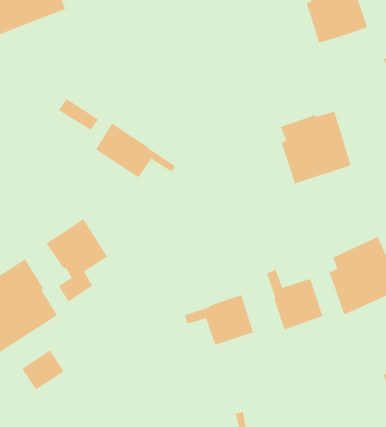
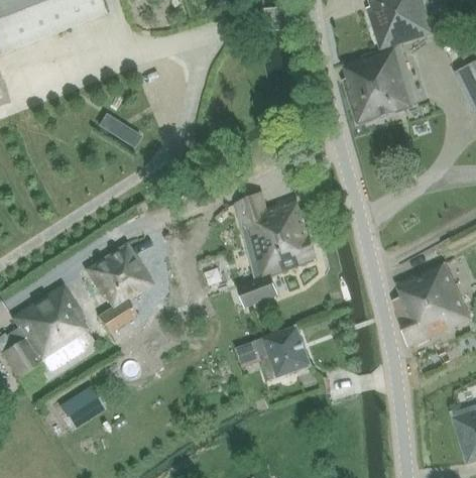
building: [280,111,352,184] -> [343,44,421,124]
building: [95,123,176,178] -> none
building: none -> [232,193,318,306]
building: [266,269,323,330] -> none

